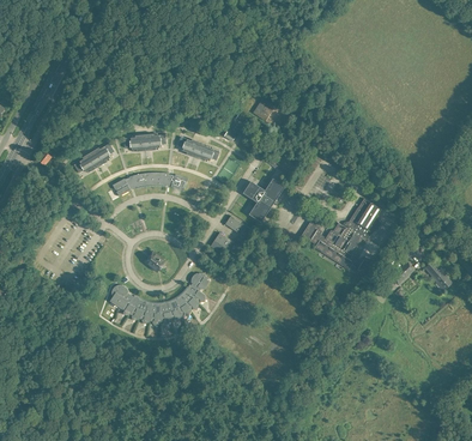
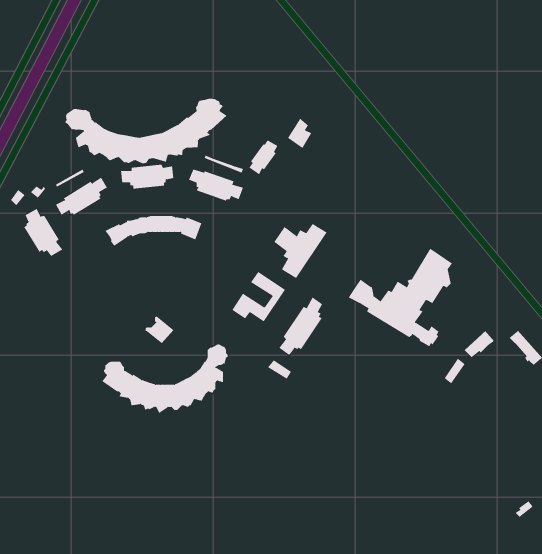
building: none -> [65,98,228,164]
building: none -> [23,208,63,257]
building: none -> [279,296,323,356]

